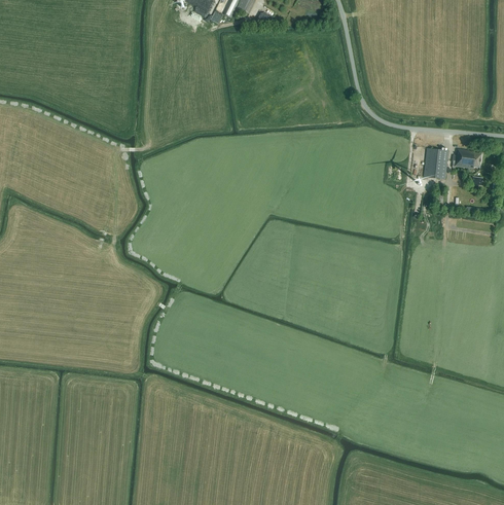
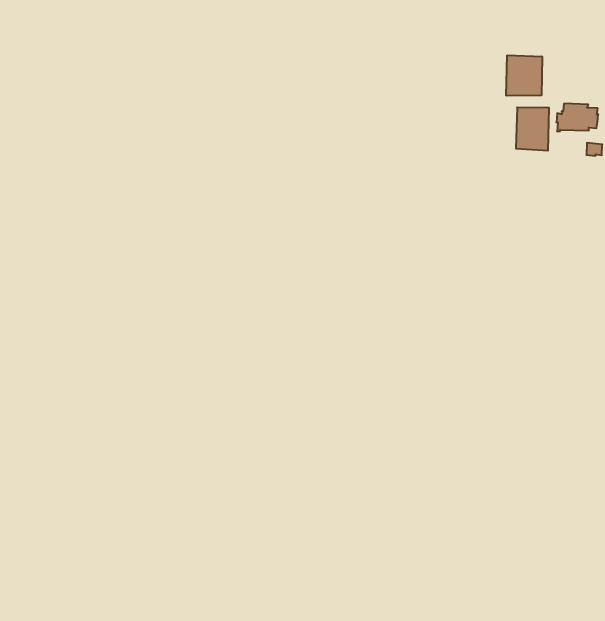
building: none -> [506,55,542,96]

